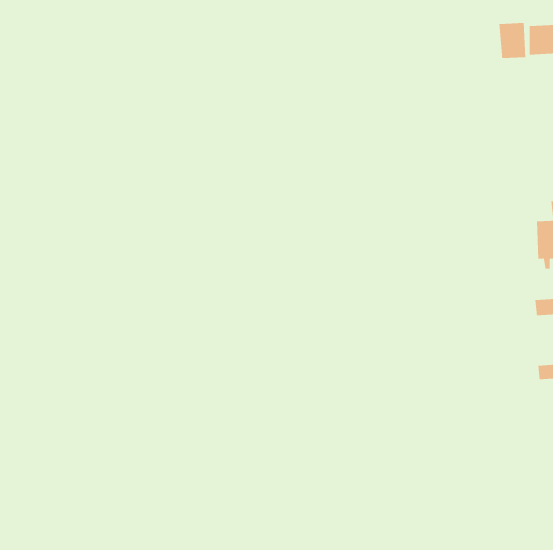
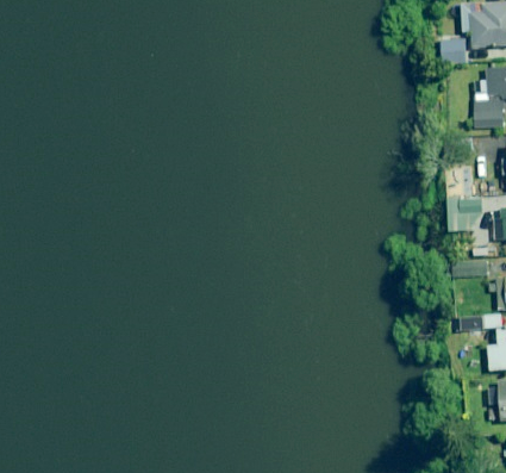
building: [499,22,526,59] -> none

